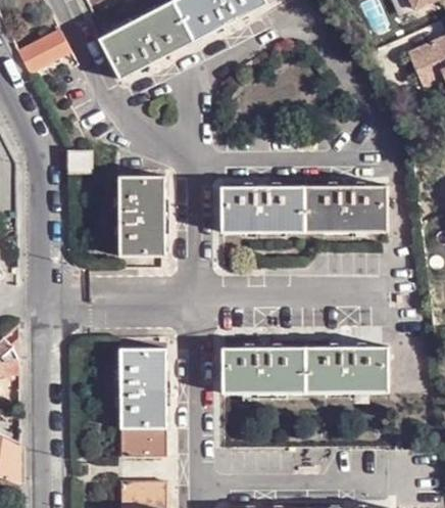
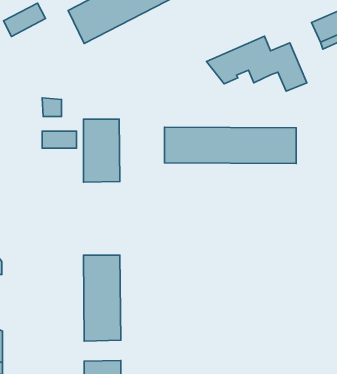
building: none -> [206,36,307,91]
building: none -> [42,131,76,148]
building: [220,347,387,392] -> none

